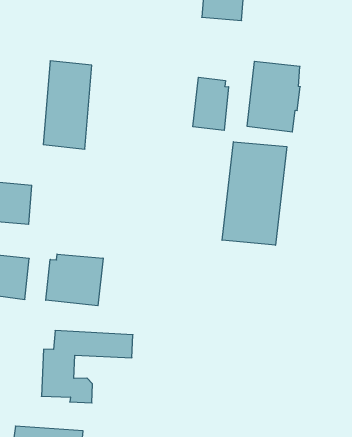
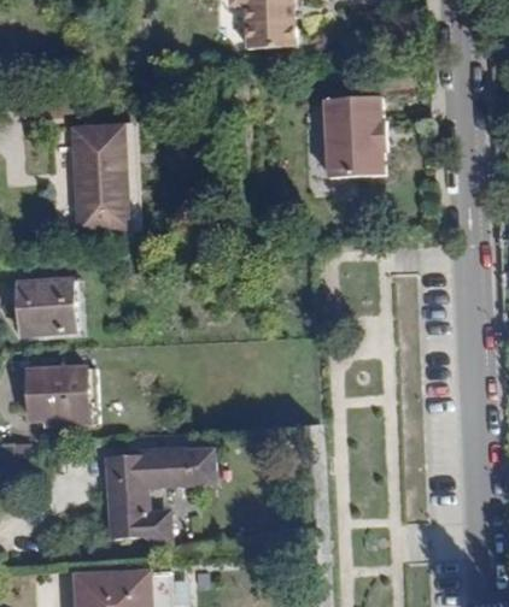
building: [193,77,229,130] -> none
building: [222,142,287,245] -> none
building: [46,254,103,306] -> none

